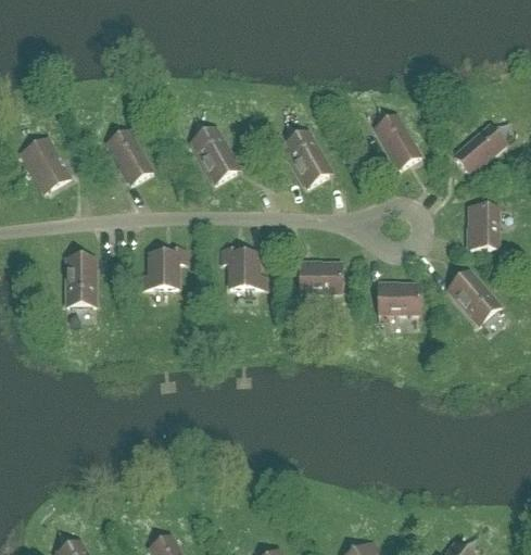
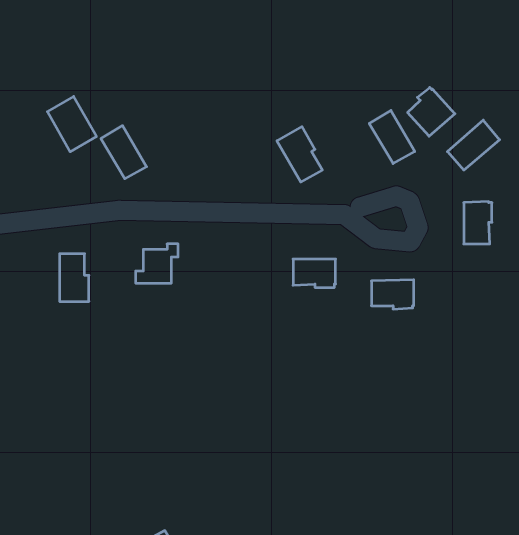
building: none -> [408,87,455,136]
building: [190,126,236,181] -> none
building: [21,135,69,190] -> [47,96,96,152]
building: [223,247,265,286] -> none
building: [446,272,500,324] -> none

